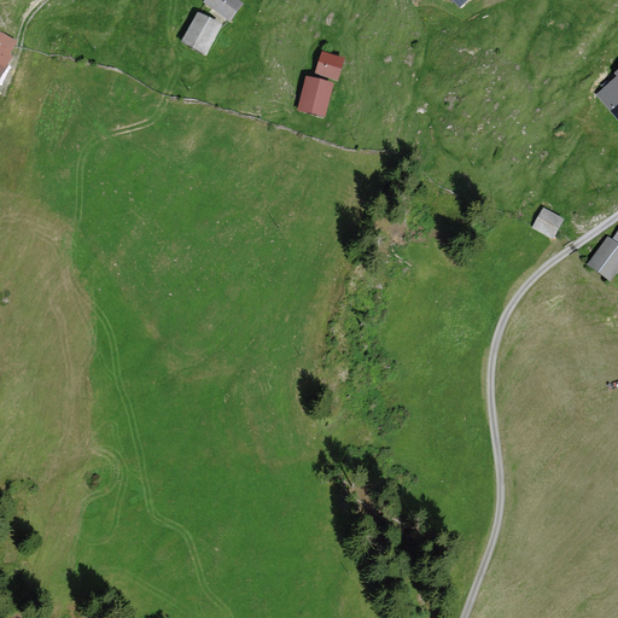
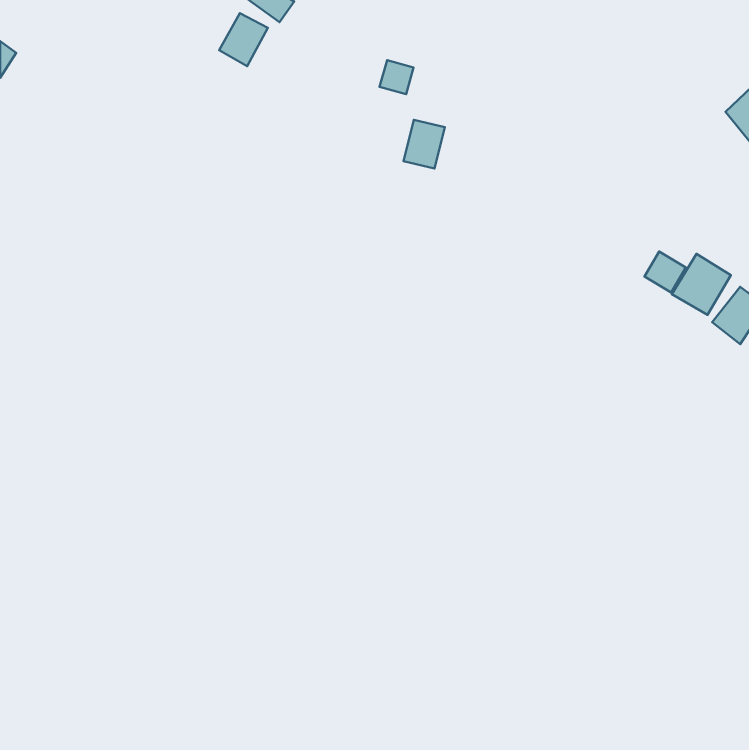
building: [296,75,330,115] -> [404,120,445,168]
building: none -> [672,254,731,315]

